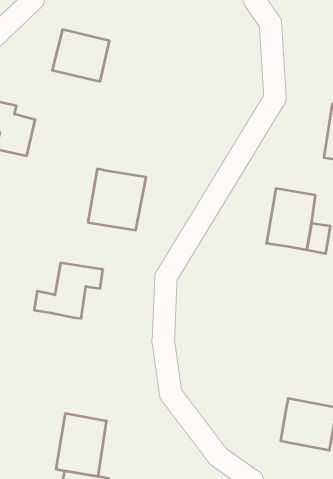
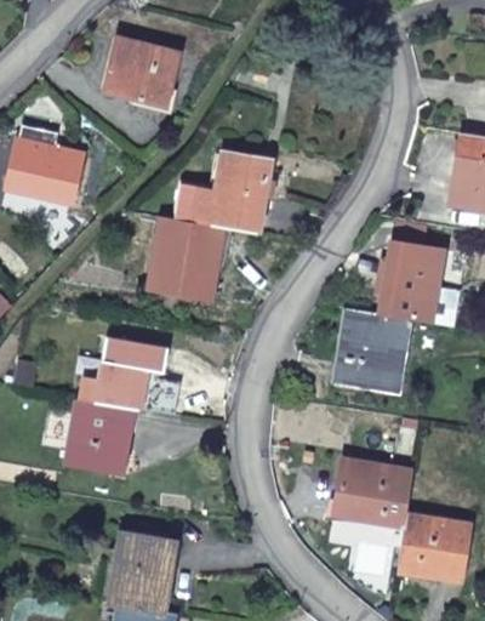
building: none -> [173,154,269,234]
building: none -> [336,309,411,392]
building: none -> [67,400,131,469]
building: none -> [336,460,415,526]

